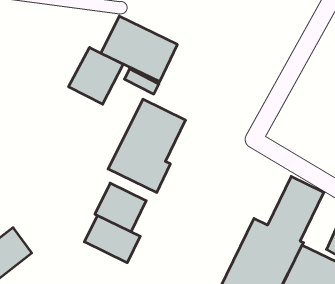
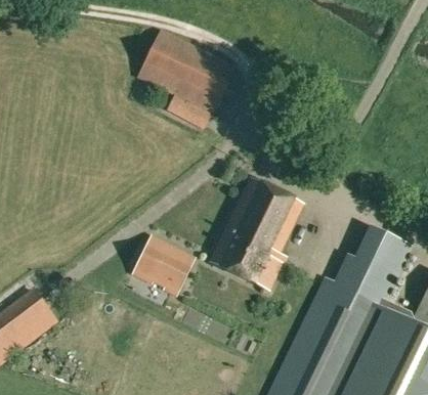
building: [69,47,123,104] -> none
building: [108,99,186,192] -> [209,177,303,291]
building: [84,215,140,263] -> none

